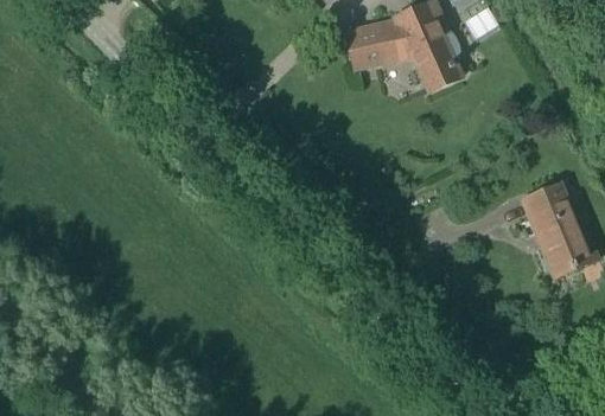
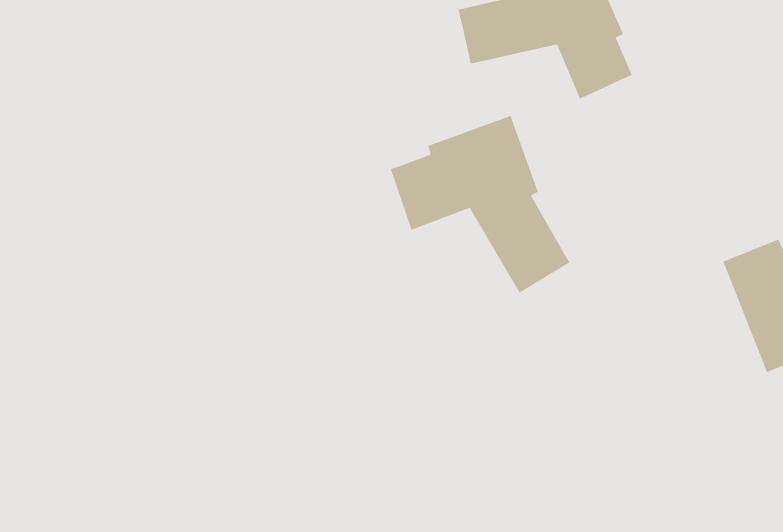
building: none -> [390,115,570,294]

